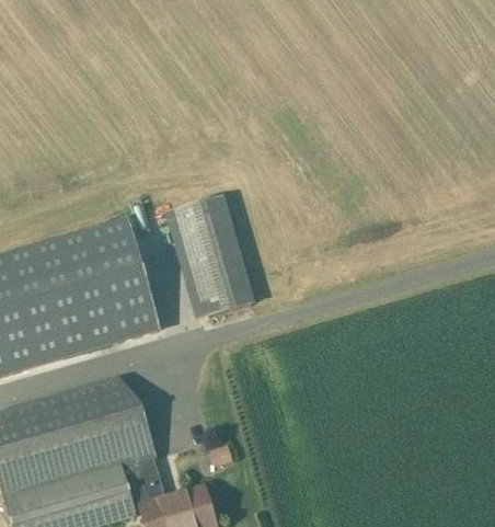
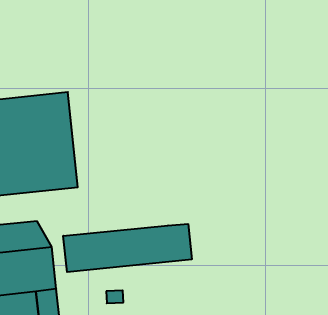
building: [180,196,251,313] -> none
building: none -> [63,224,192,272]

